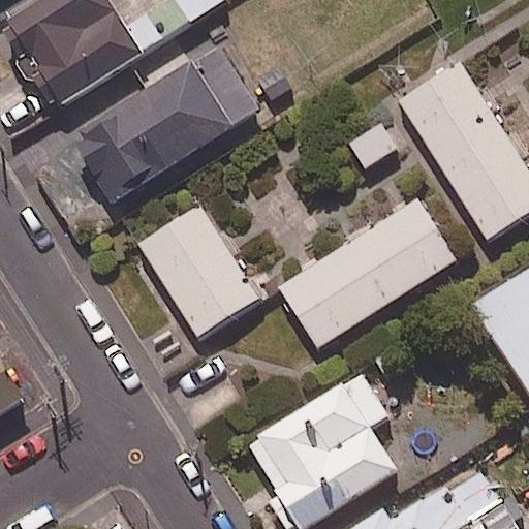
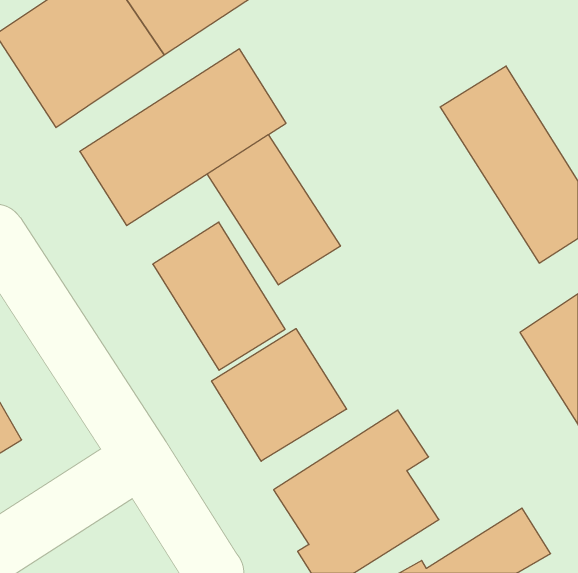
building: none -> [207,135,340,285]
building: [278,196,455,347] -> none
building: none -> [212,329,347,461]

